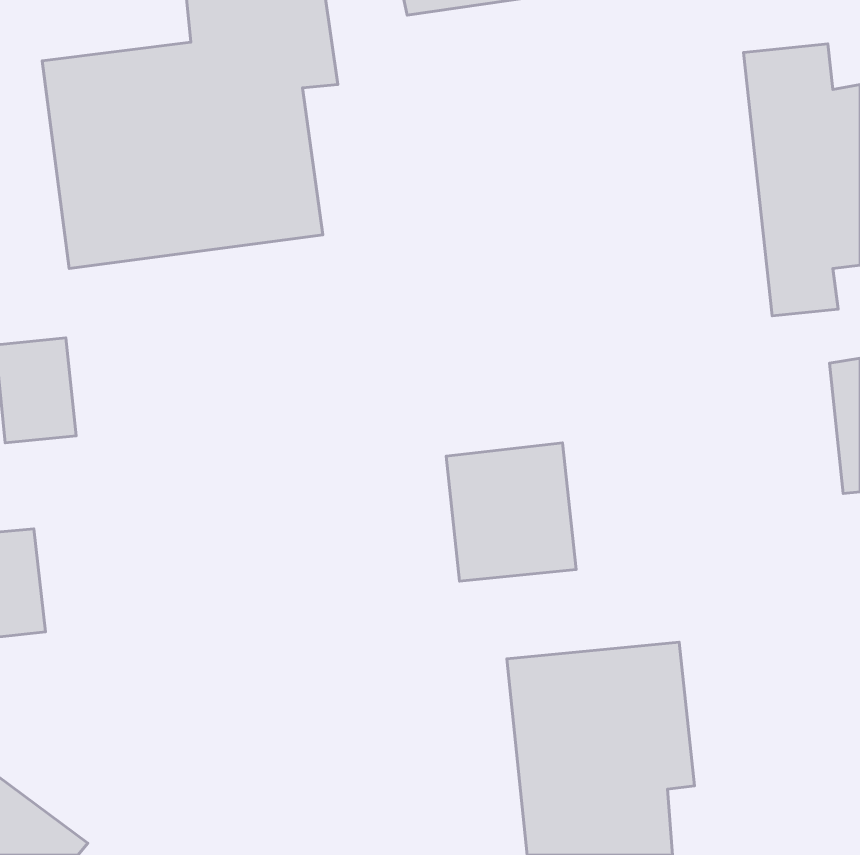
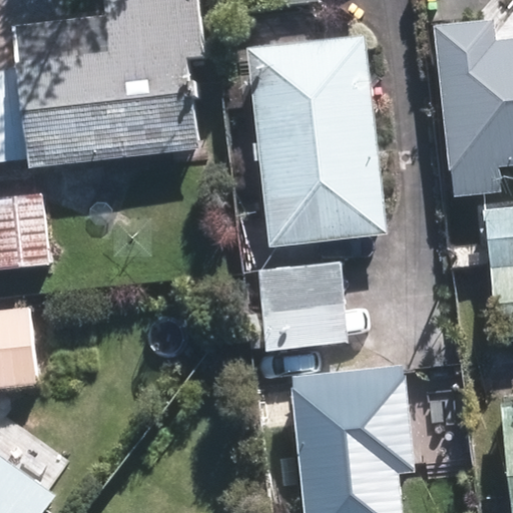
building: none -> [262,50,379,233]

